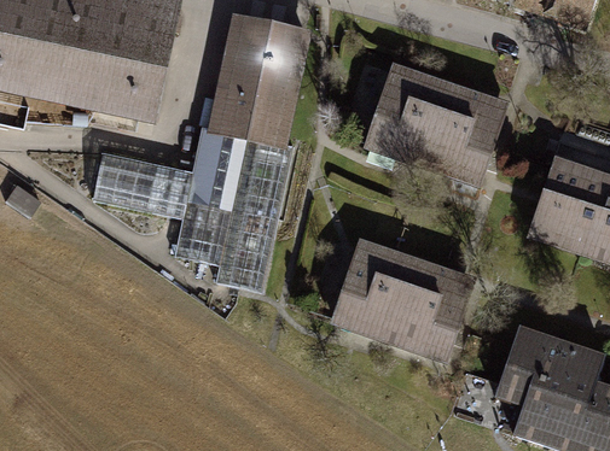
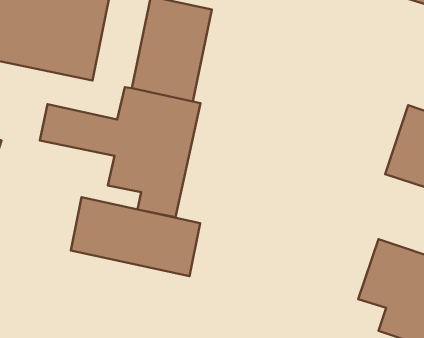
building: [360,62,510,189] -> none
building: [329,239,476,363] -> none
building: none -> [71,197,200,276]

